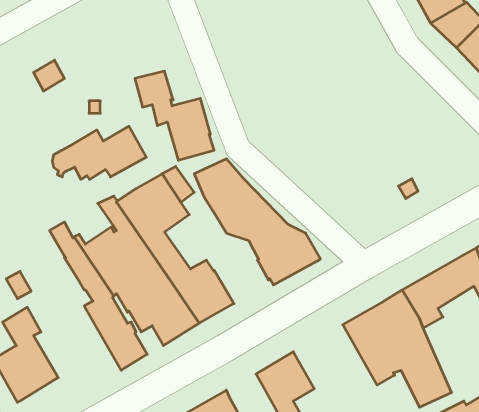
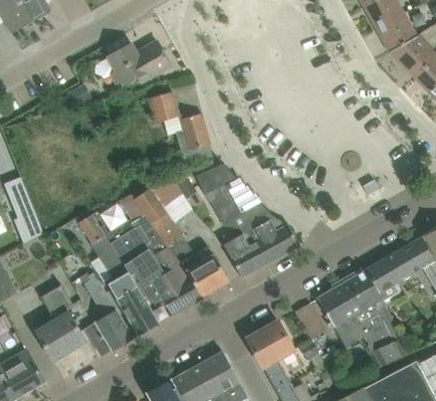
building: [52,126,146,179] -> [93,41,170,84]
building: none -> [222,234,260,277]
building: none -> [79,272,132,356]
building: none -> [293,304,324,340]

